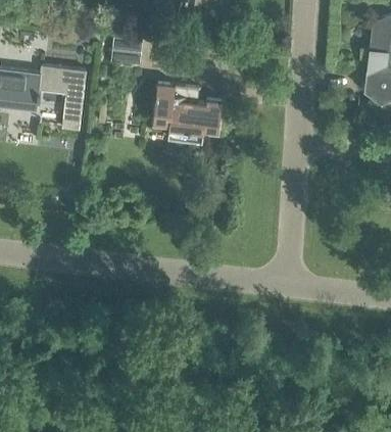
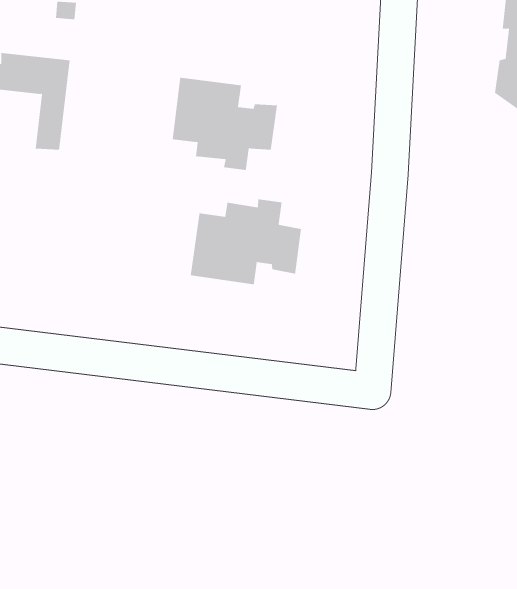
building: [111,38,141,64] -> none
building: none -> [190,199,301,285]

